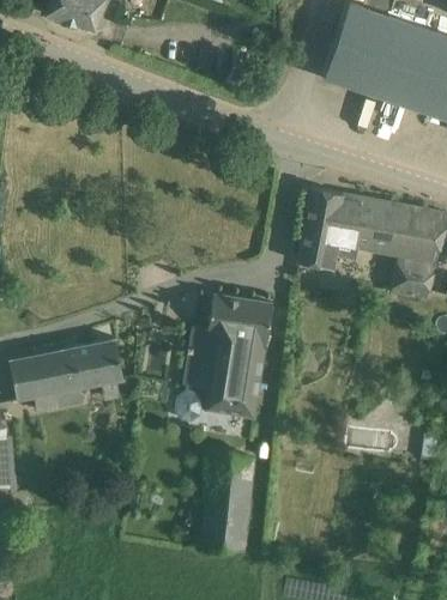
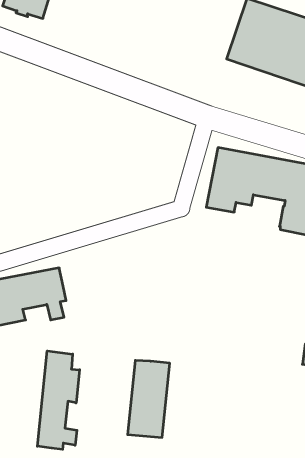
building: [176,295,273,422] -> none
building: none -> [37,351,80,449]

